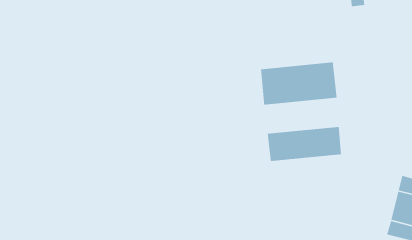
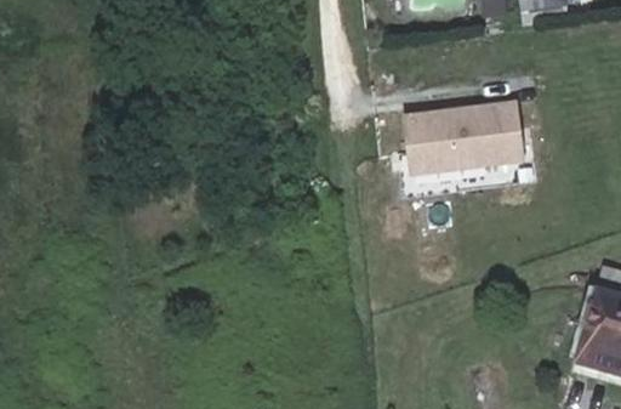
building: [267,126,342,162] -> none

